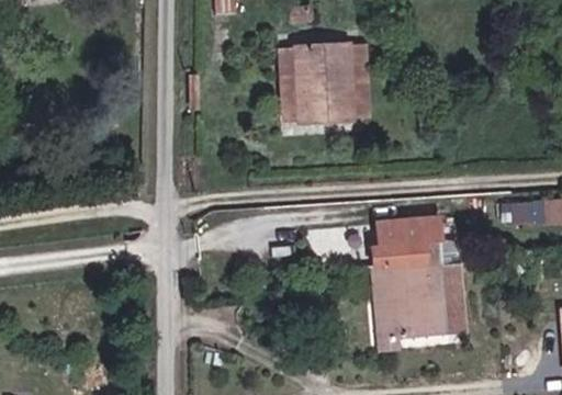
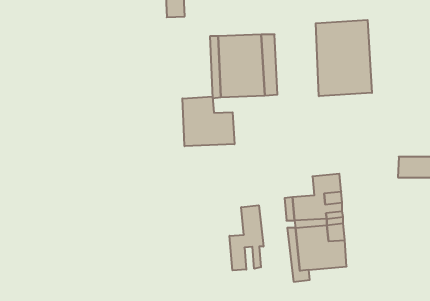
building: none -> [316,20,372,96]
building: none -> [182,96,234,146]
building: none -> [230,205,263,270]

